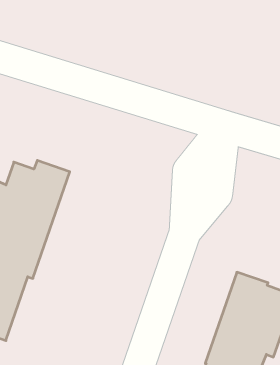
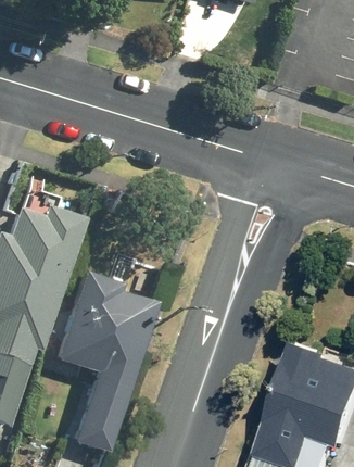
building: none -> [50,269,150,450]

